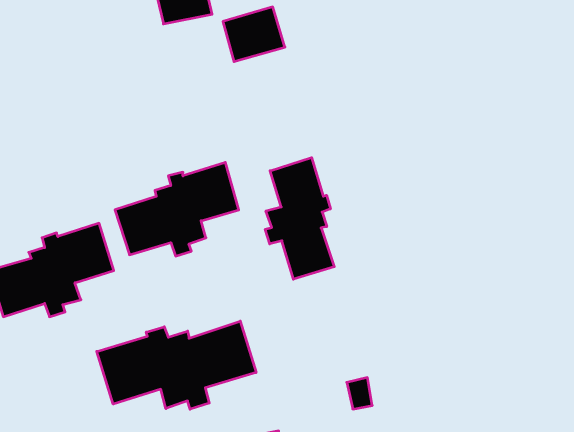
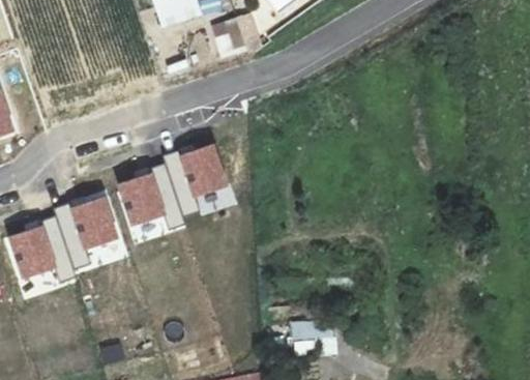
building: [265,158,334,279] -> none
building: [97,321,256,409] -> none

